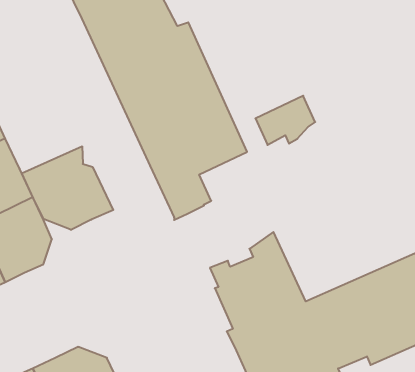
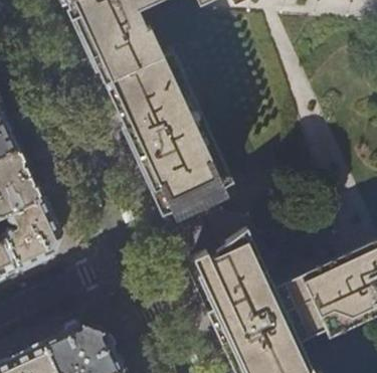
building: [255,96,315,145] -> [182,160,232,201]
building: [22,146,113,230] -> none

